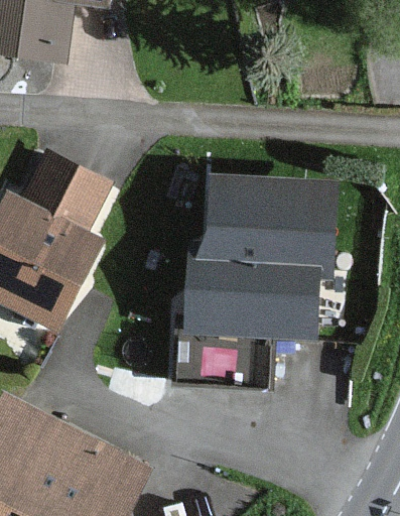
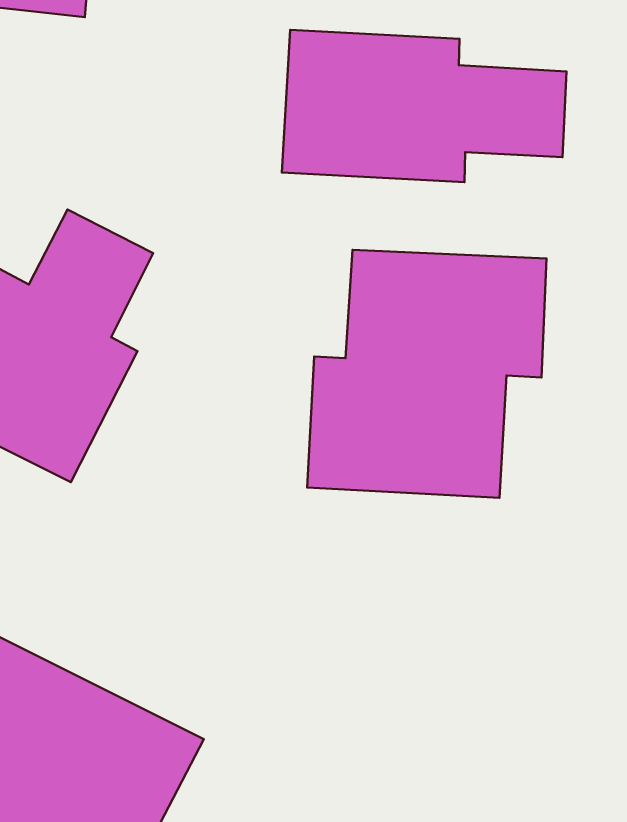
building: none -> [282,30,567,182]

